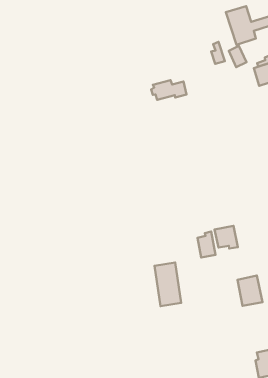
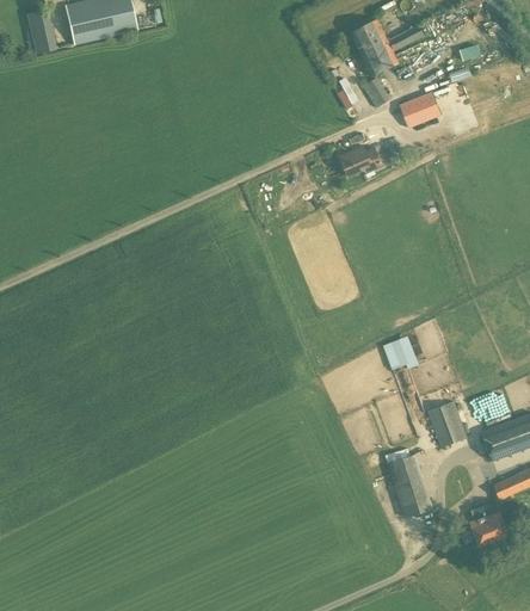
building: [151,80,187,100] -> [338,143,389,175]
building: [198,231,216,258] -> none
building: [154,262,181,306] -> [386,452,432,518]

